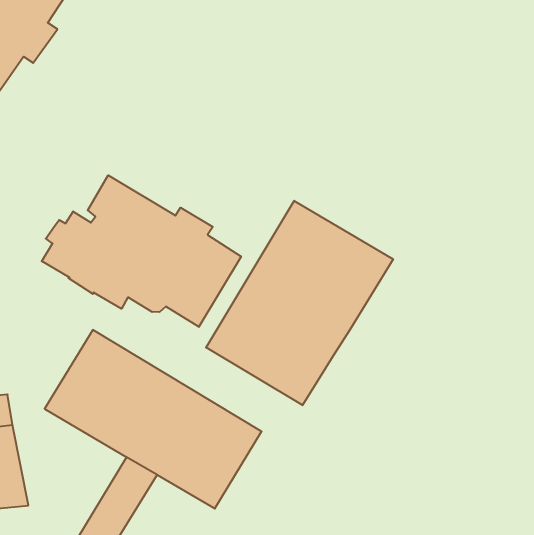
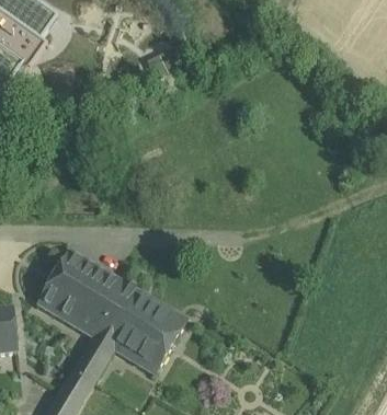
building: [42,175,241,327] -> none
building: [206,201,393,405] -> none

